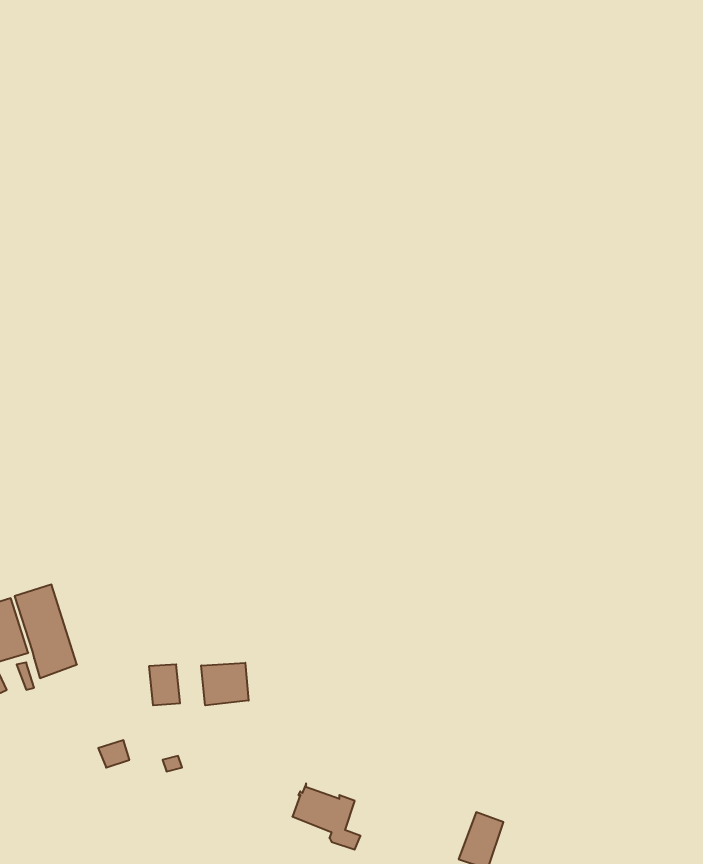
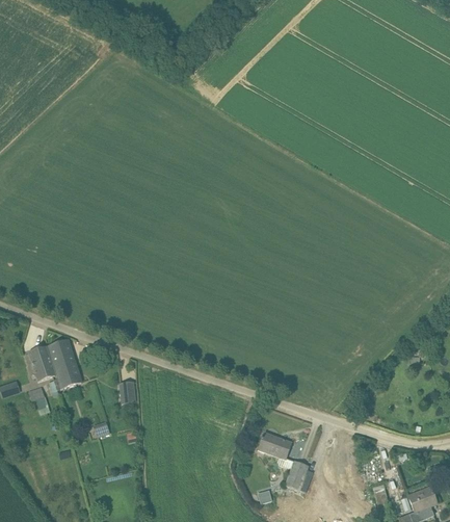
building: [201,663,249,705] -> none
building: [292,783,361,850] -> [258,432,294,467]

